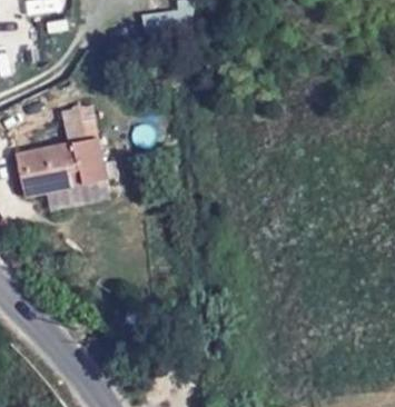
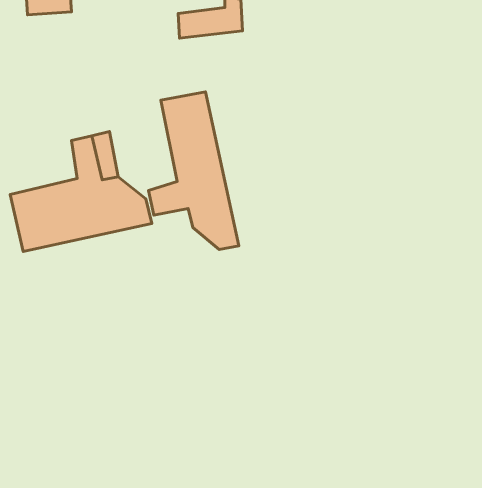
building: none -> [149,92,239,249]

